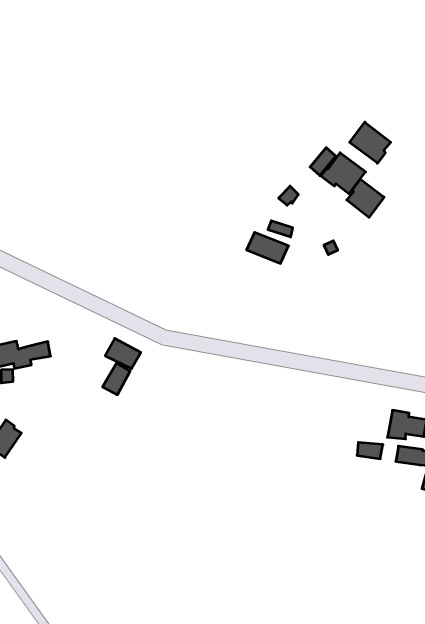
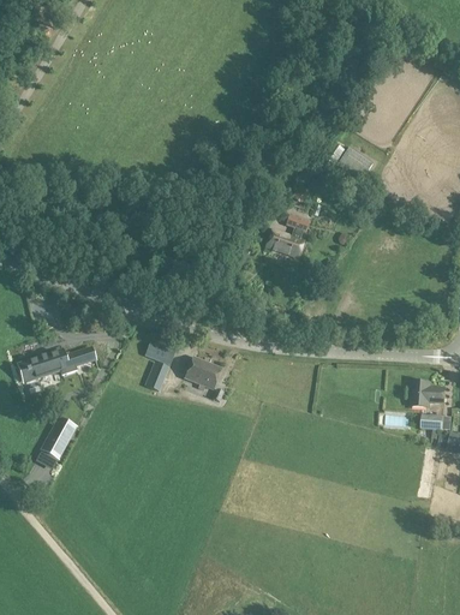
building: [350,122,391,163] -> none
building: [347,179,384,217] -> none
building: none -> [184,356,220,388]

